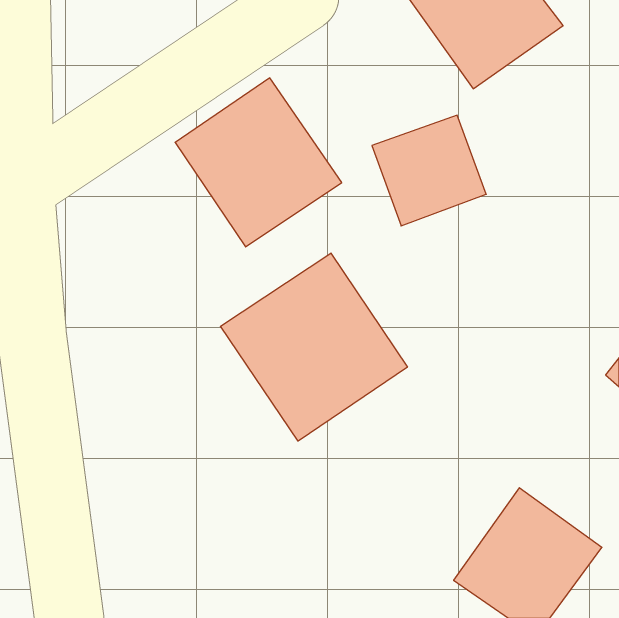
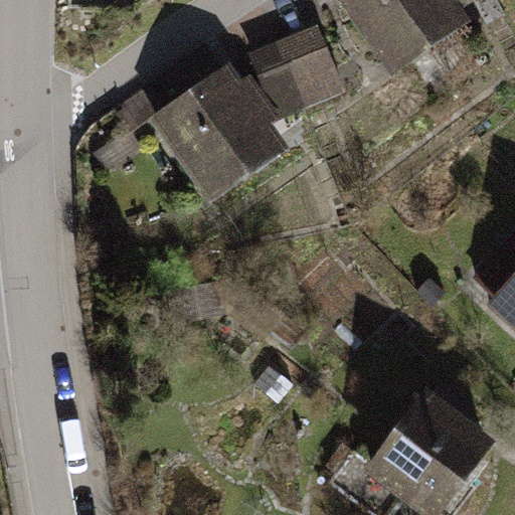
building: [372,115,486,226] -> [249,21,344,113]
building: [220,253,407,441] -> none

